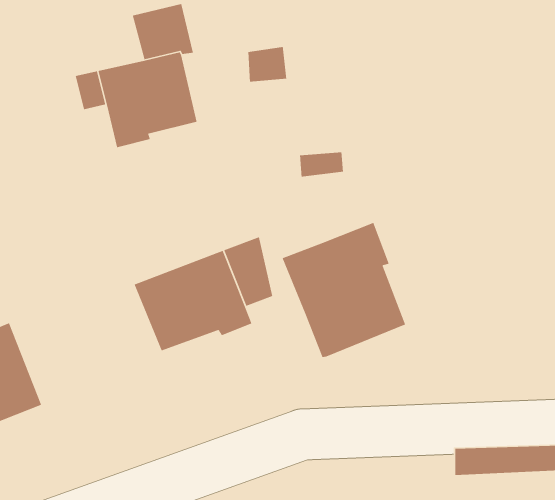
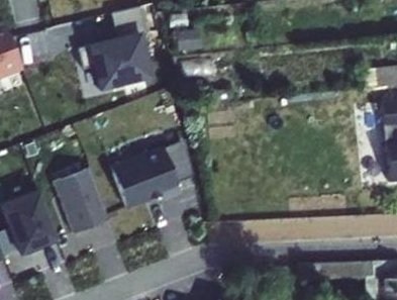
building: [282,222,406,358] -> none
building: none -> [55,168,110,232]

